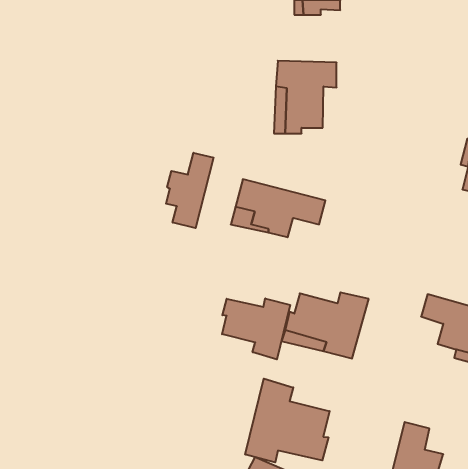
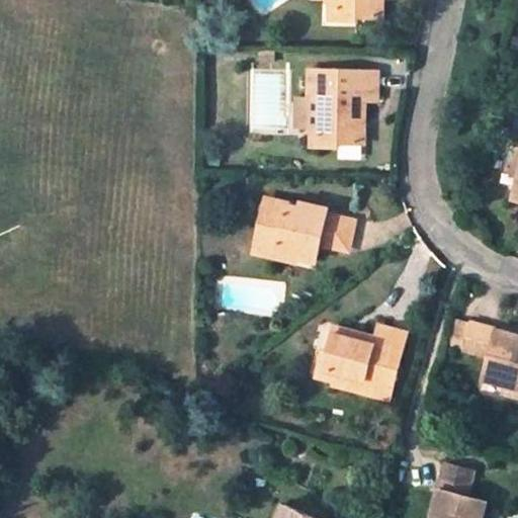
building: [166,153,214,228] -> none
building: [222,298,290,359] -> none
building: [245,379,330,462] -> none

